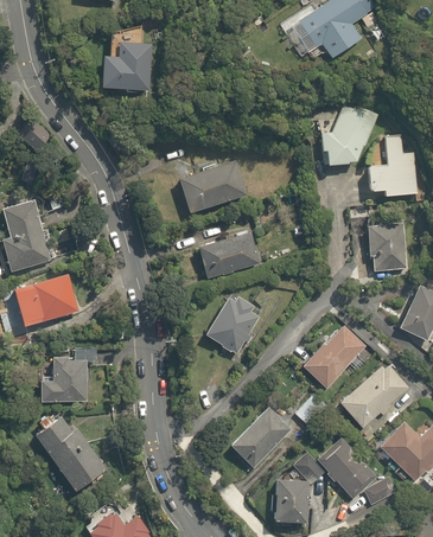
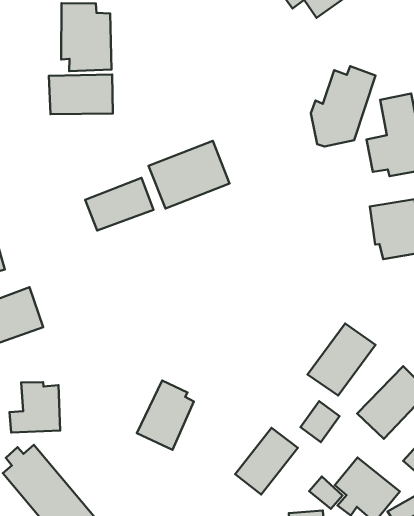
building: none -> [49,75,113,114]
building: [199,236,257,279] -> [85,178,153,230]
building: [206,294,257,354] -> [137,381,194,450]

